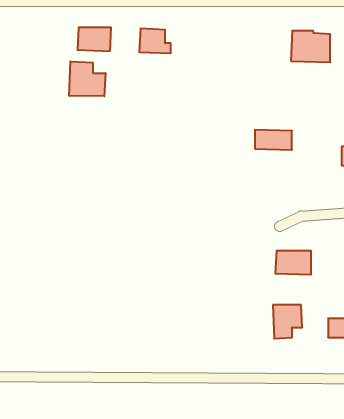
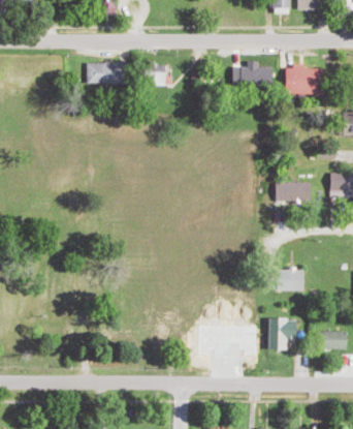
building: none -> [232,62,277,87]
building: [69,61,106,96] -> none
building: [255,130,292,150] -> [277,182,311,201]

